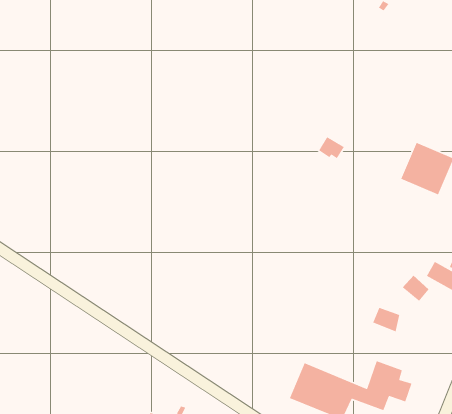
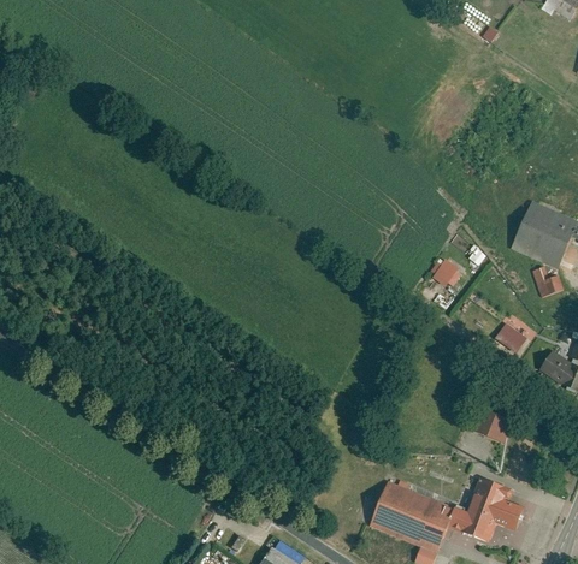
building: [318,136,345,159] -> [427,256,461,285]
building: none -> [532,267,562,297]
building: [402,275,430,302] -> [491,319,526,352]

